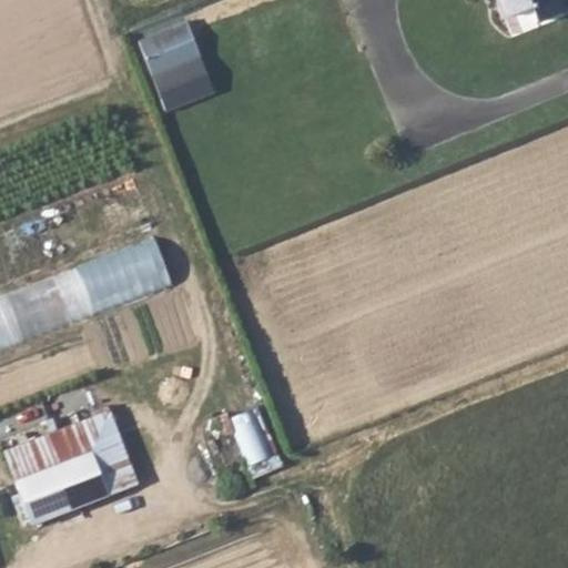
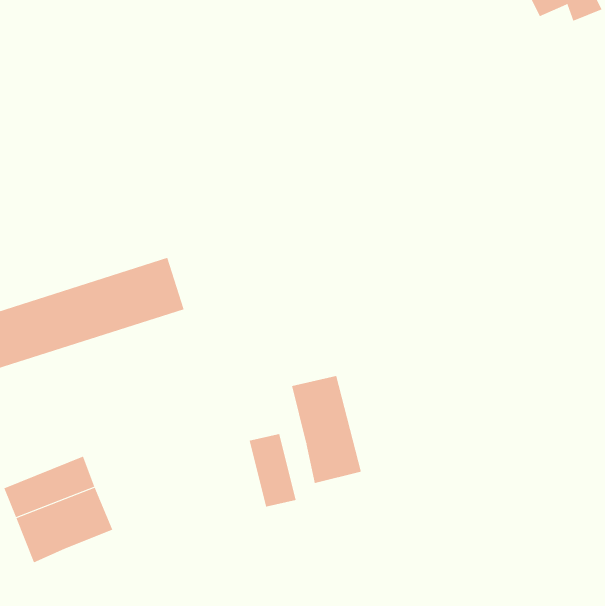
building: [138,18,213,108] -> none
building: none -> [292,375,361,484]
building: [78,414,134,494] -> none

